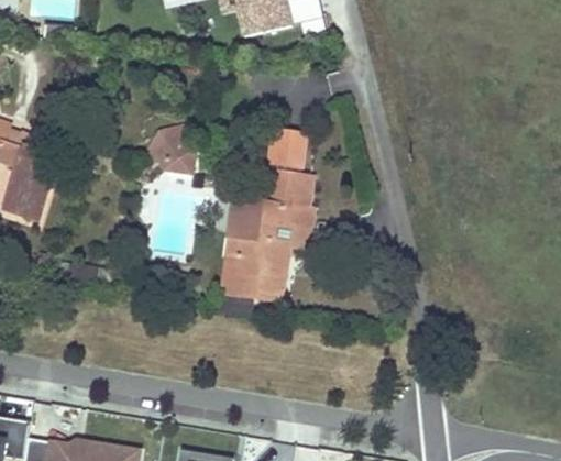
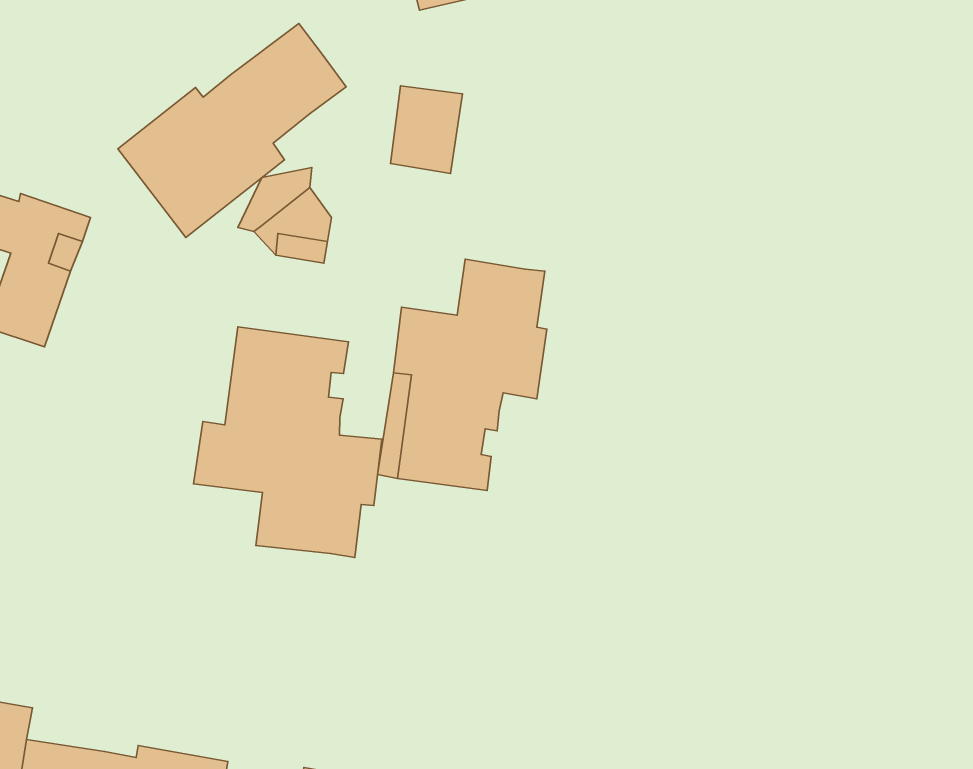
building: none -> [118,24,346,237]
building: [270,130,309,178] -> [391,86,462,173]
building: none -> [193,327,382,557]

